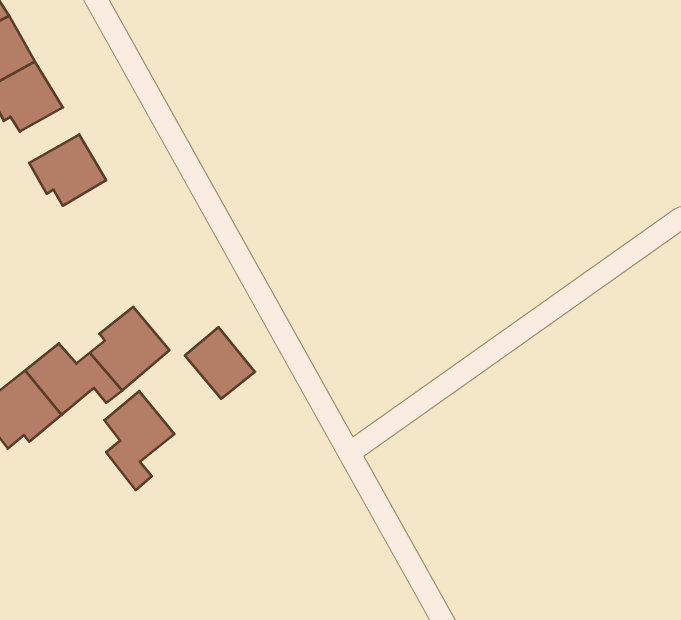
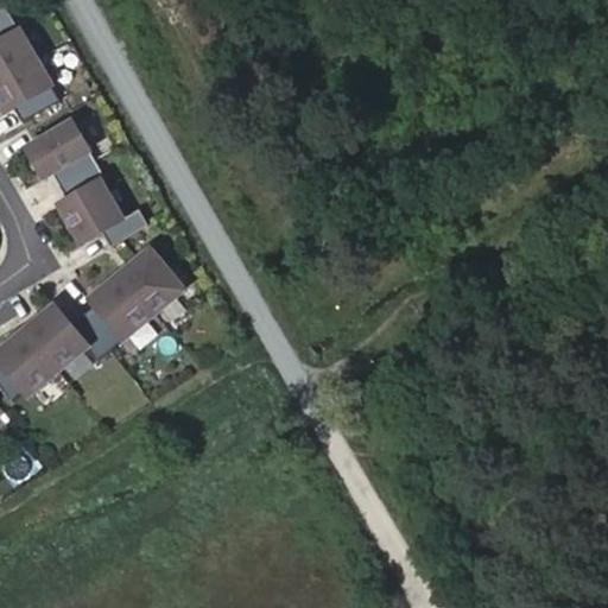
building: none -> [58,162,146,242]
building: [185,327,255,399] -> [120,248,182,311]
building: [104,391,174,490] -> none

